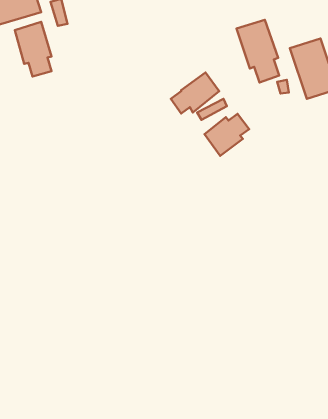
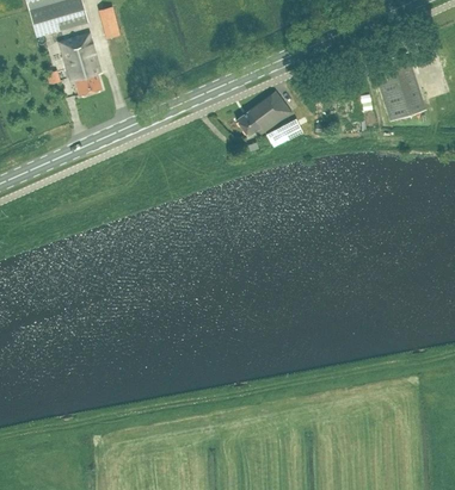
building: [237,20,279,82] -> none
building: [204,114,249,156] -> none

